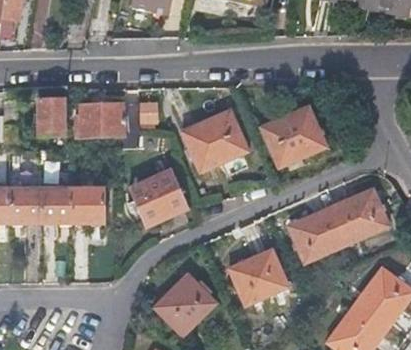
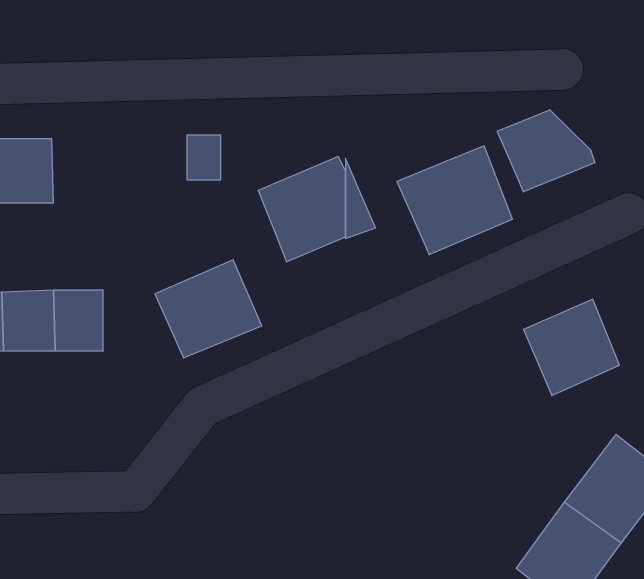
building: none -> [497,110,595,192]
building: [74,103,138,149] -> none
building: [294,208,347,262] -> none
building: [231,251,286,305] -> none
building: [152,275,212,334] -> none

